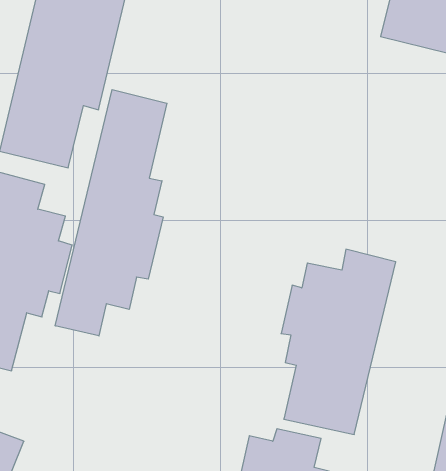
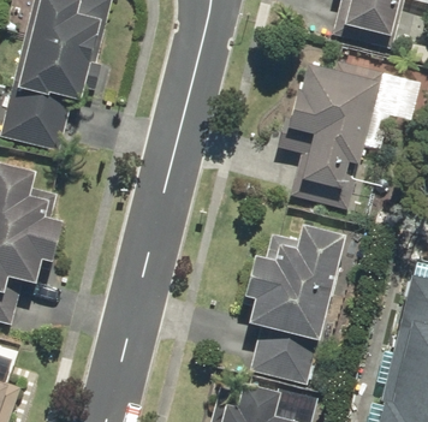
building: none -> [278,58,381,213]
building: [55,90,167,336] -> none

